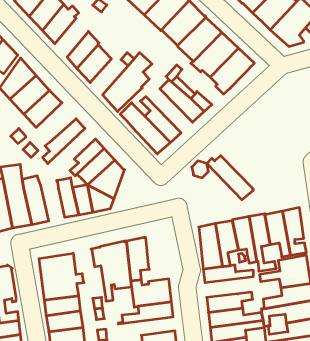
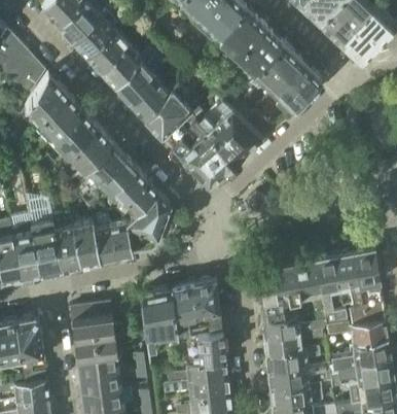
building: none -> [89,29,129,74]
building: none -> [131,76,169,118]
building: none -> [68,128,114,174]
building: none -> [81,158,137,209]
building: [207,156,253,200] -> [195,111,250,163]
building: none -> [73,220,101,266]
building: none -> [195,280,222,332]
building: none -> [264,331,322,355]
building: none -> [164,378,229,400]

